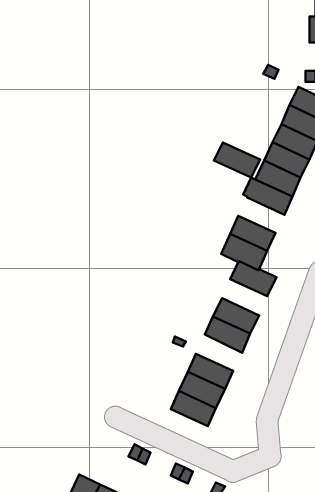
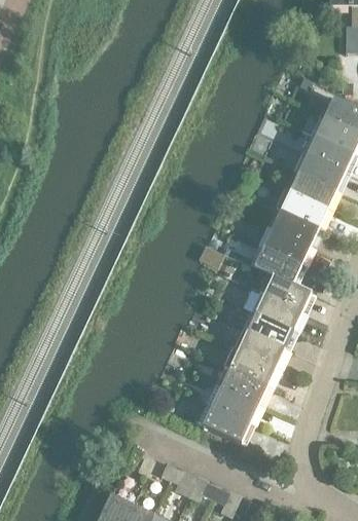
building: [214,142,260,178] -> [272,211,319,247]
building: none -> [255,294,301,331]
building: none -> [223,348,276,387]

